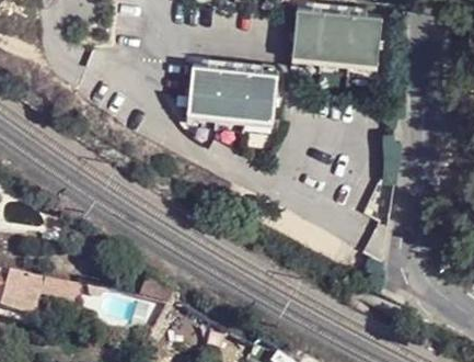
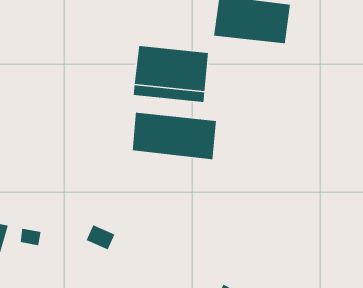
building: none -> [132,112,217,160]

